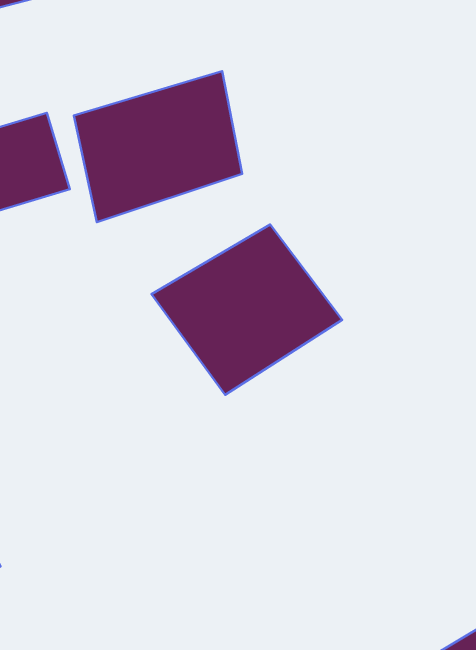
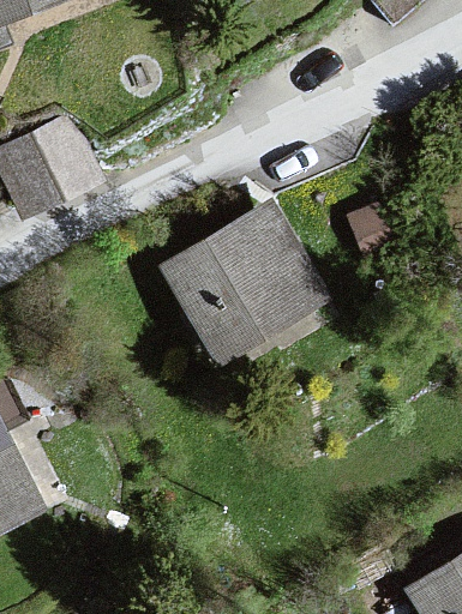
building: [74,71,242,222] -> none

